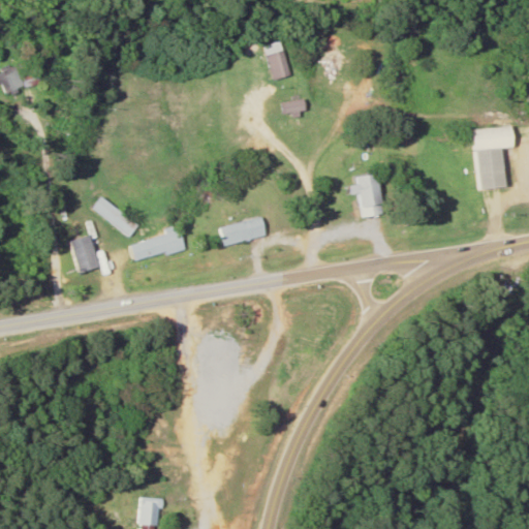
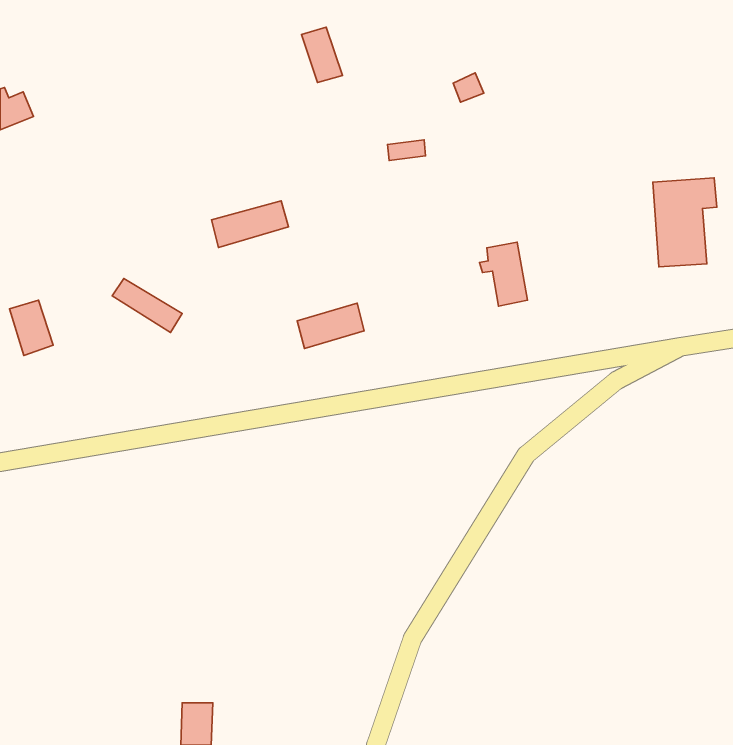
building: [262,41,291,81] -> [302,27,342,83]
building: [128,229,183,262] -> [211,201,289,247]
building: [64,234,95,273] -> [9,300,53,355]

